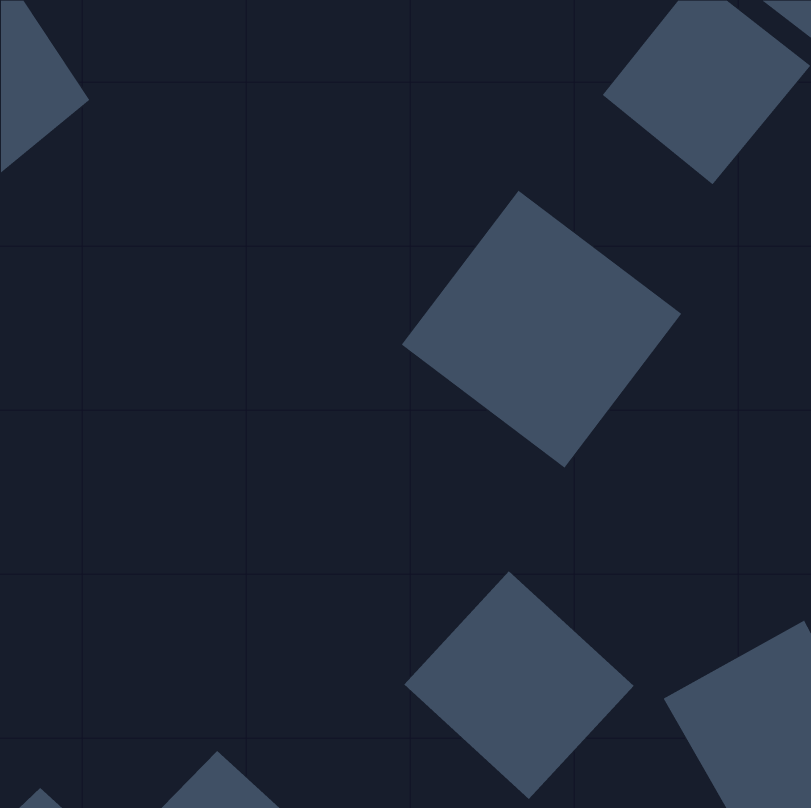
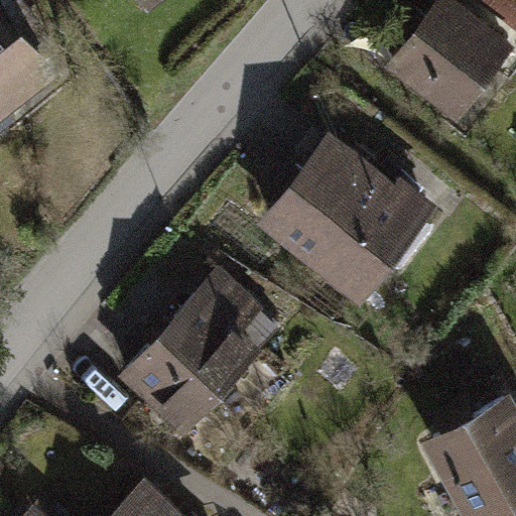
building: none -> [115,270,281,438]
building: [403,570,634,800] -> none

